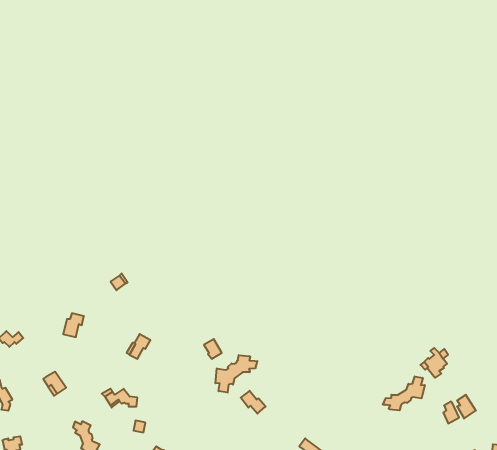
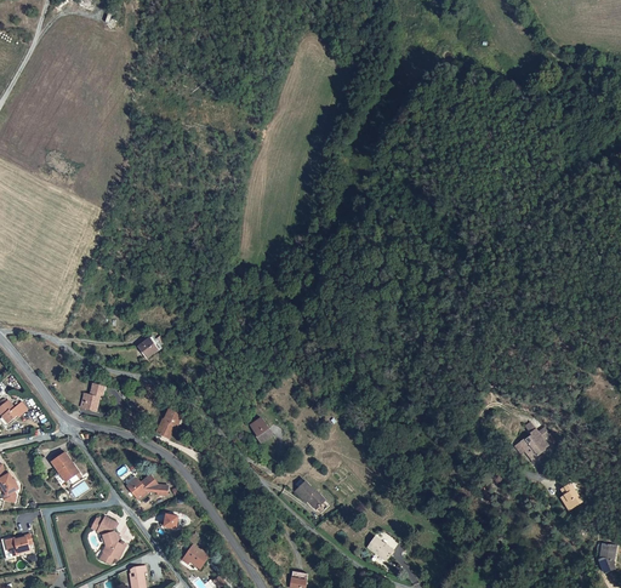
building: [215,355,257,393] -> none
building: [383,376,425,410] -> none

